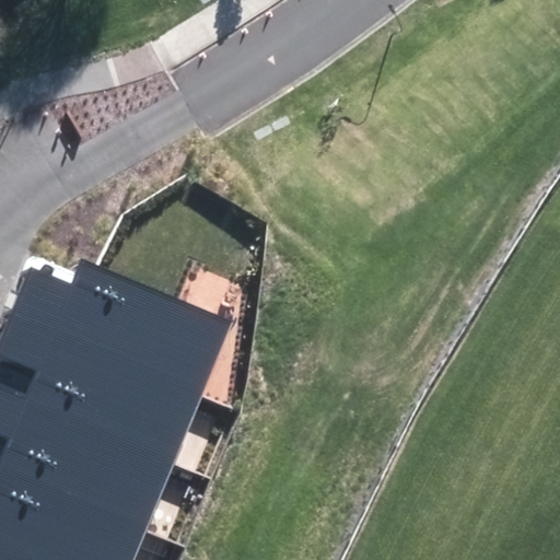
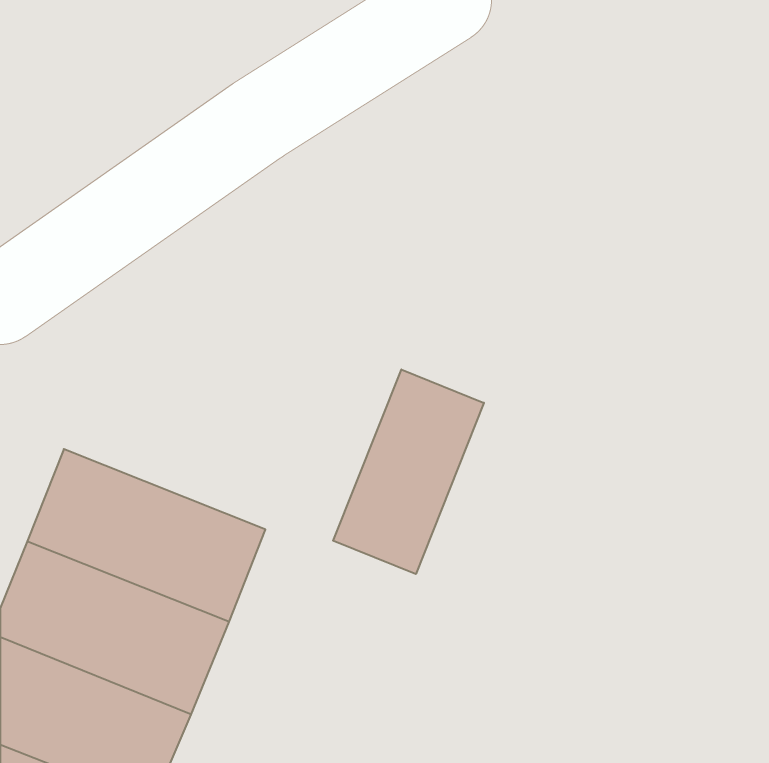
building: [50,266,223,390] -> none
building: none -> [333,369,484,574]

